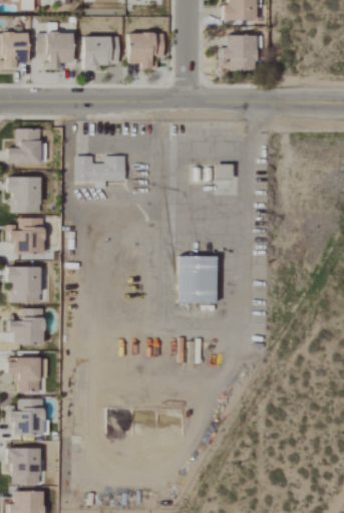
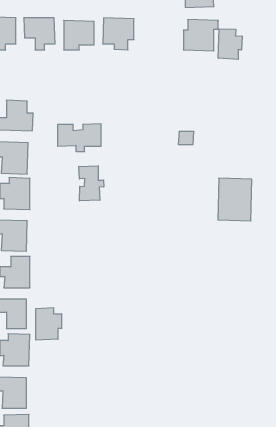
building: none -> [218,29,242,59]
building: none -> [79,166,104,201]
building: [178,255,217,304] -> [218,178,252,221]
building: none -> [36,308,62,340]

